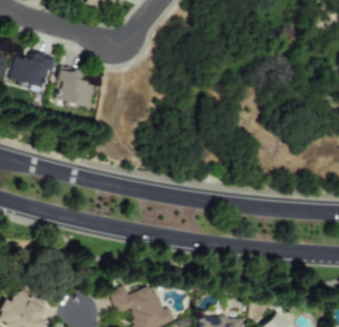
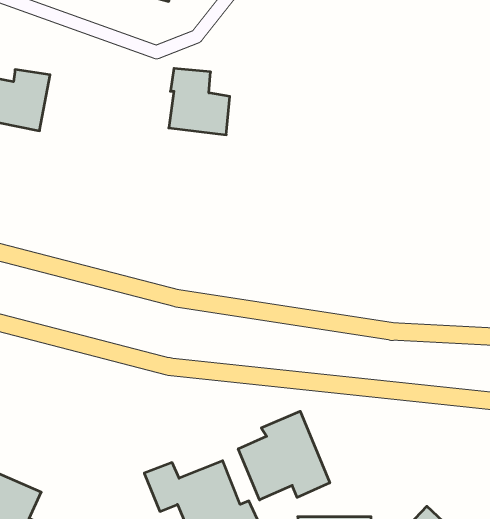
building: [55,66,92,106] -> [169,68,230,135]
building: none -> [238,411,330,500]

